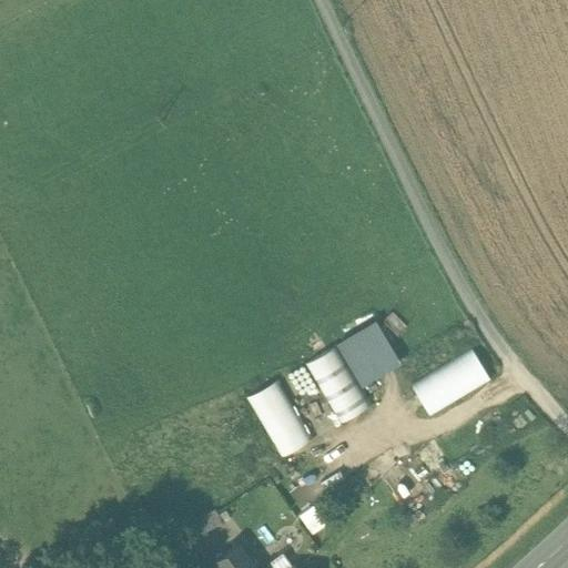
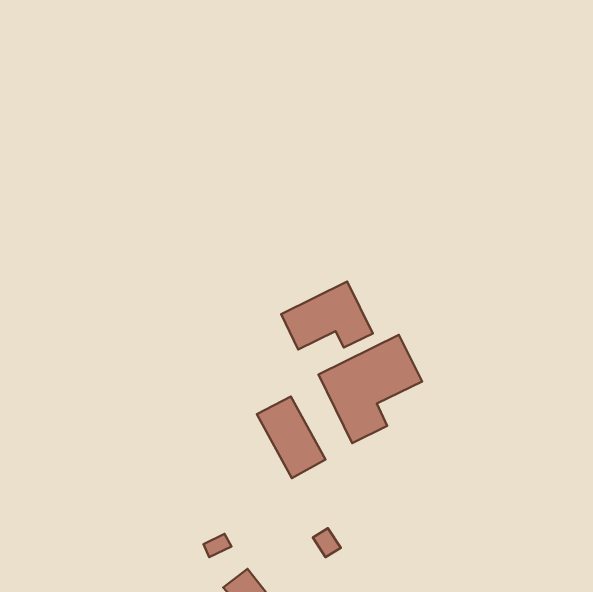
building: none -> [281,282,373,350]
building: [412,347,491,415] -> none

